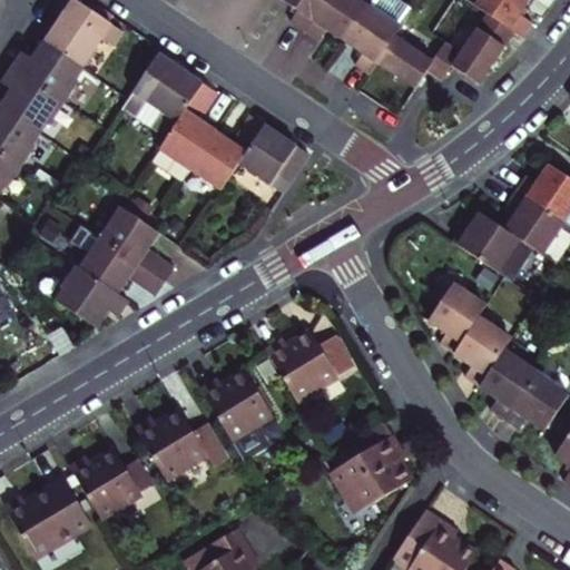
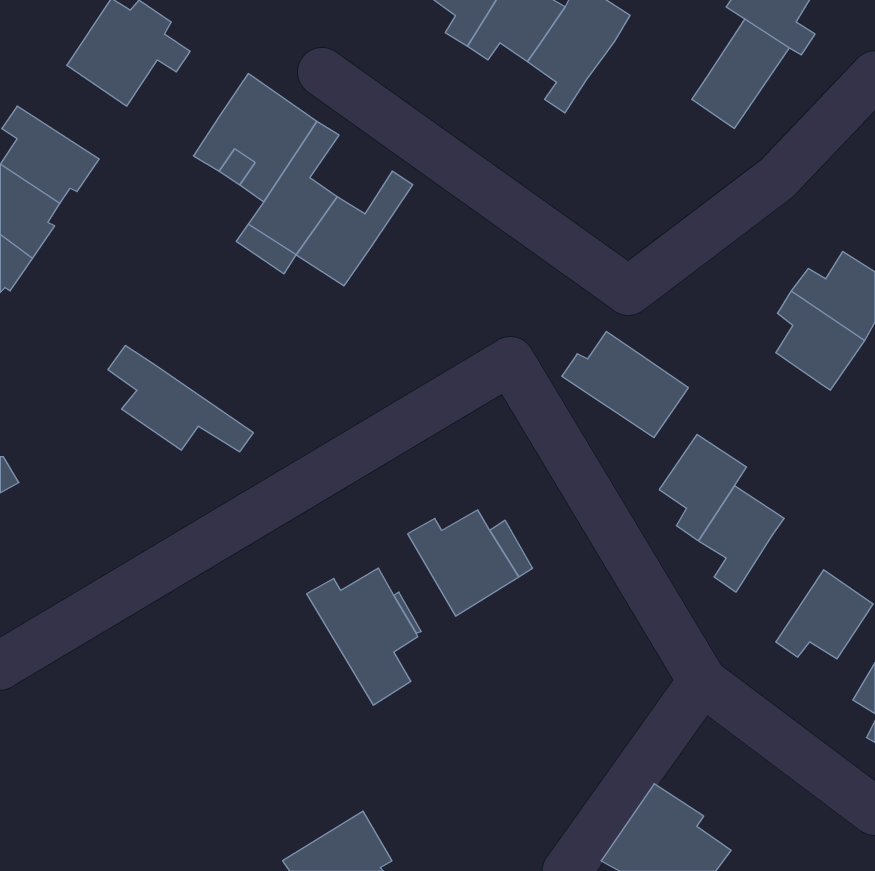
building: [375,35,459,88] -> none
building: [11,42,82,104] -> none
building: [242,120,313,189] -> none
building: [100,207,174,282] -> none
building: [451,213,533,282] -> [562,332,688,438]
building: [58,264,130,326] -> none
building: [479,348,535,417] -> none
building: [134,409,226,479] -> none
building: [328,430,410,509] -> none
building: [69,449,153,518] -> none
building: [4,479,91,557] -> none

